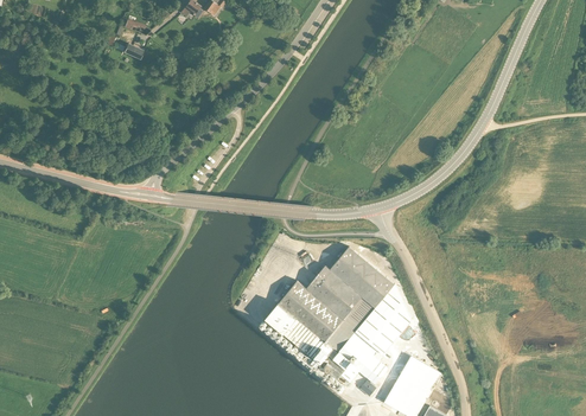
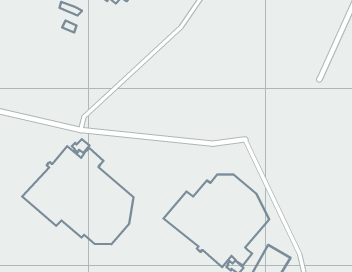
building: none -> [22,139,134,244]

